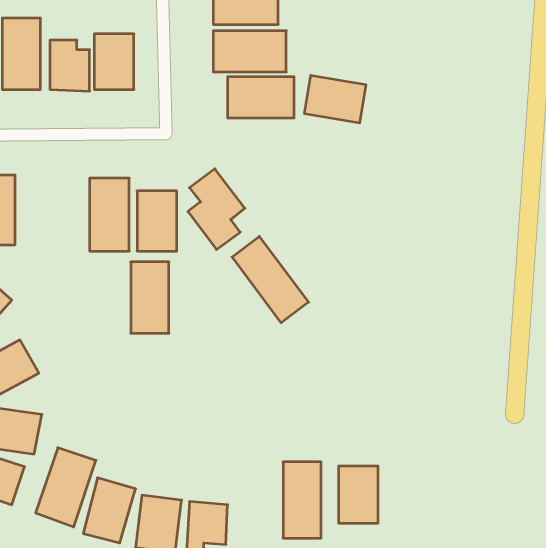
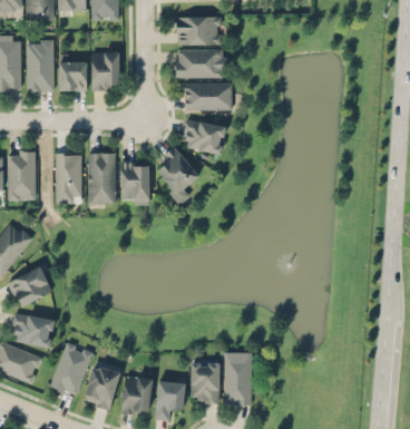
building: [304,75,366,123] -> [182,119,225,153]
building: [232,236,309,323] -> none
building: [131,262,169,333] -> [56,153,82,203]
building: [339,466,378,523] -> [192,362,219,402]

